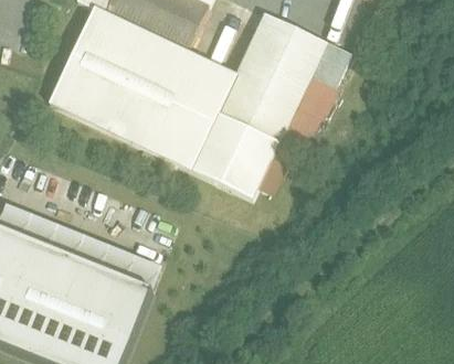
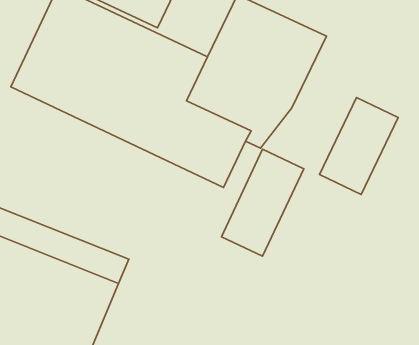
building: none -> [319,98,398,194]
building: none -> [221,149,304,256]

